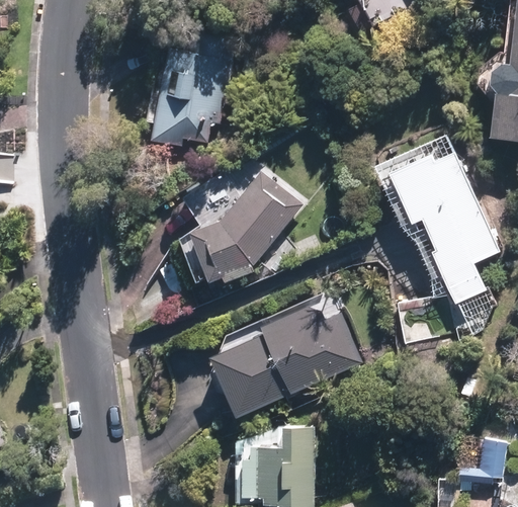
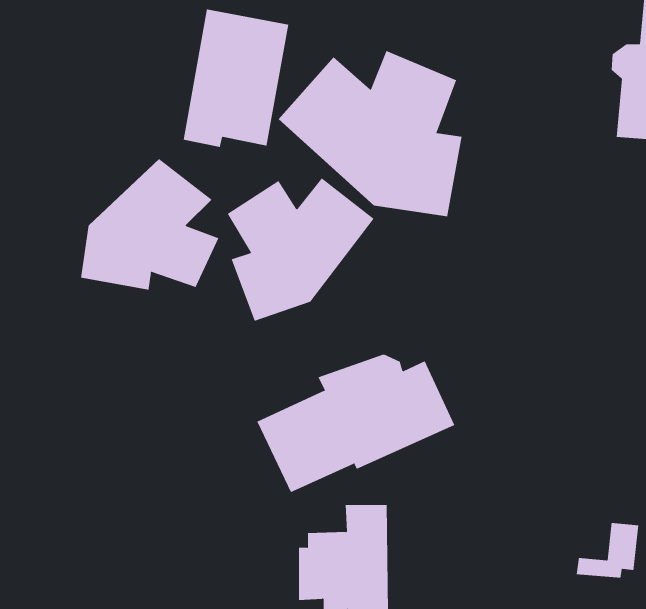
building: none -> [278,50,462,217]
building: [375,135,496,328] -> none
building: none -> [81,158,219,291]

